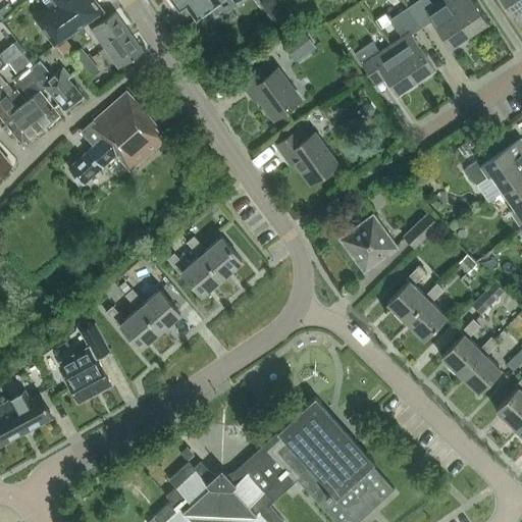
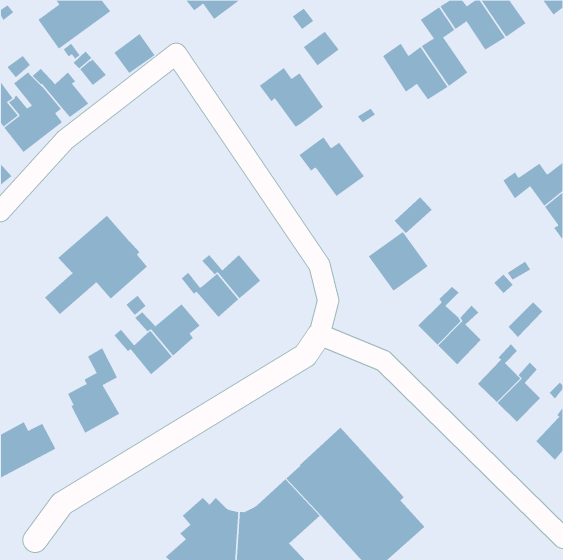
building: [91,13,129,51] -> none
building: [68,93,164,186] -> [44,215,148,315]
building: [403,214,438,249] -> [394,197,432,234]

